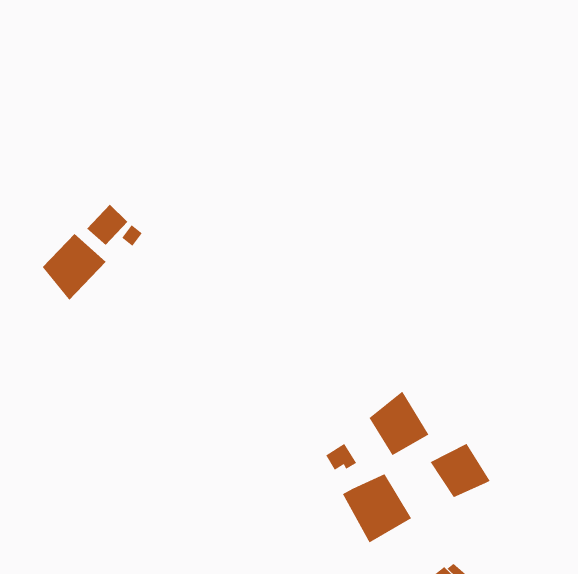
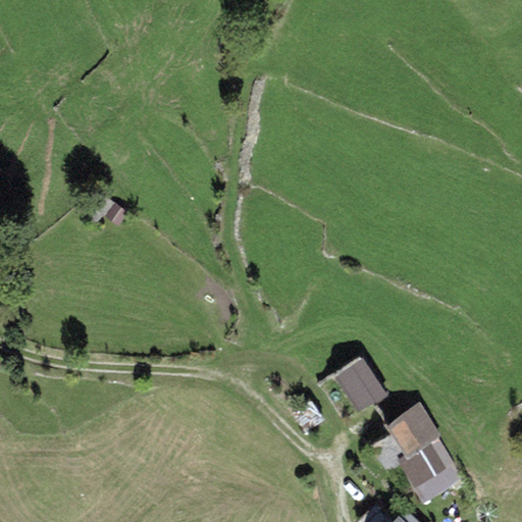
building: [42,233,107,301] -> none
building: [342,473,412,543] -> [399,439,462,503]

